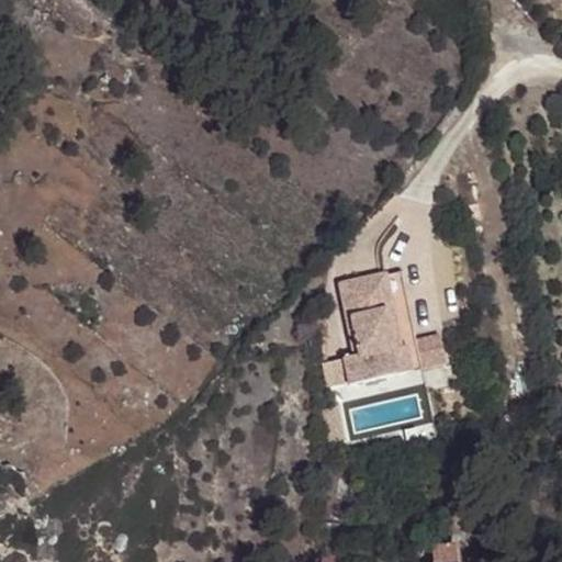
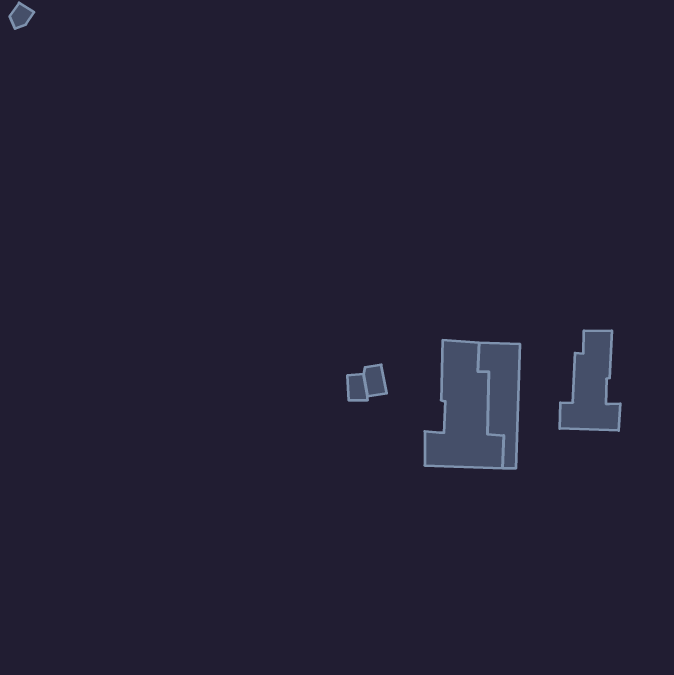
building: none -> [560,331,620,431]

